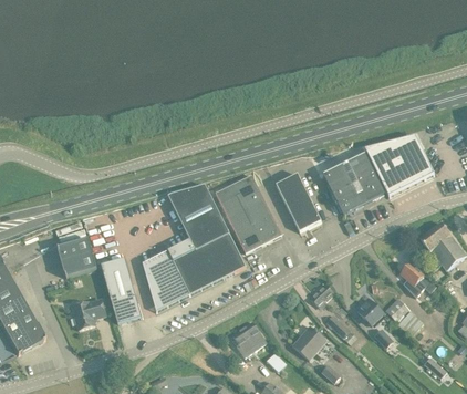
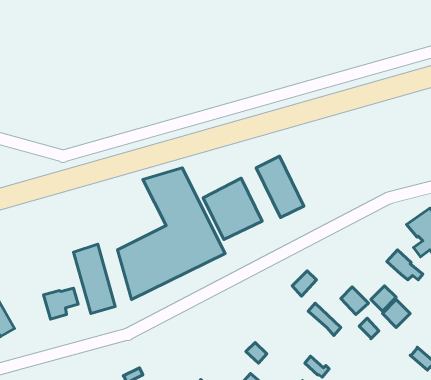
building: [323,135,434,211] -> none
building: [215,175,261,212] -> none
building: [58,238,97,277] -> none
building: [232,321,267,356] -> none
building: [290,324,326,360] -> none

